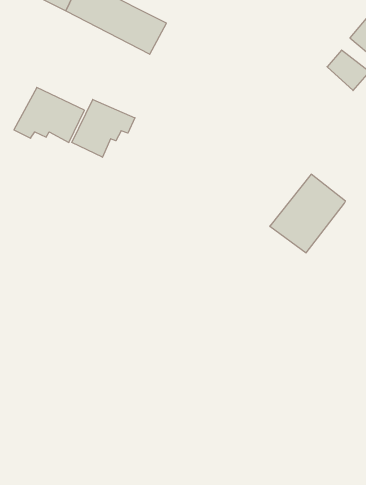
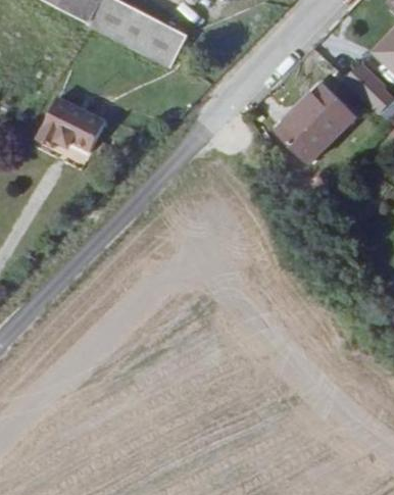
building: [72,99,135,157] -> none
building: [270,174,345,253] -> [286,85,360,162]

